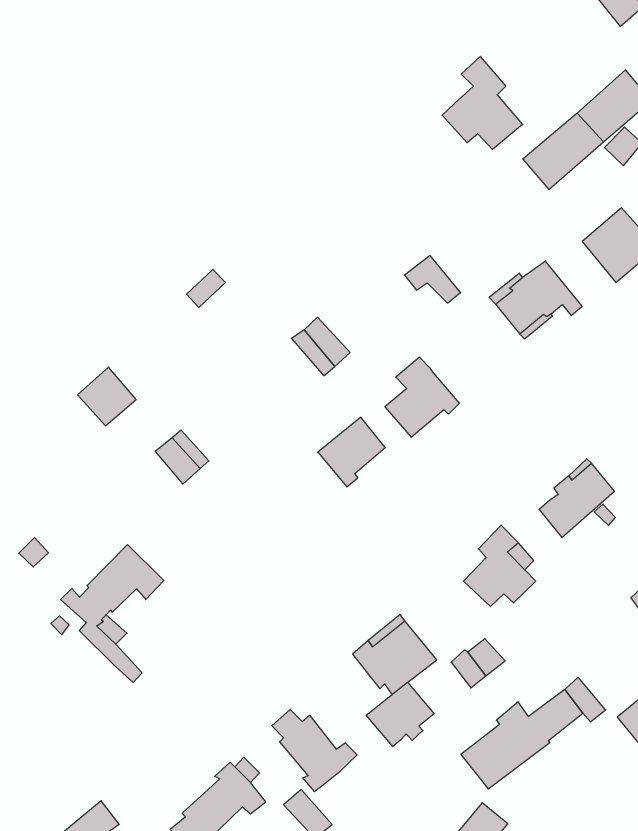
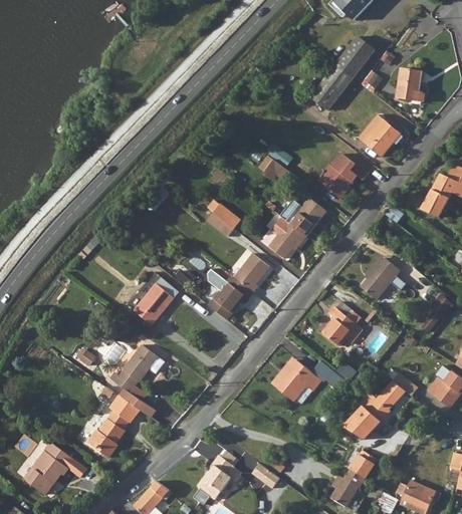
building: [442,56,523,149] -> none
building: none -> [290,199,327,237]
building: [78,367,136,426] -> [133,292,165,324]
building: none -> [209,276,254,320]
building: none -> [91,397,146,458]
building: [366,682,434,747] -> none
building: [272,709,357,792] -> none

